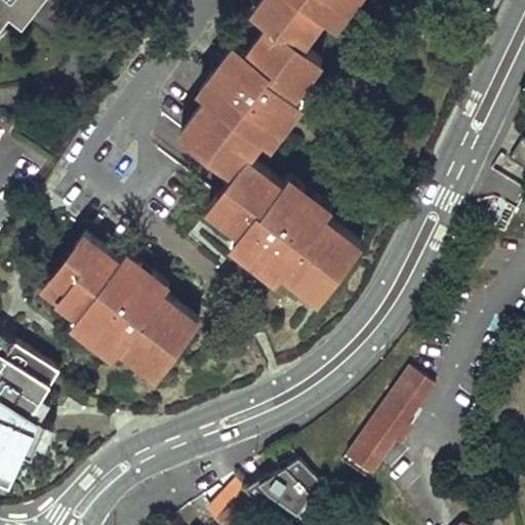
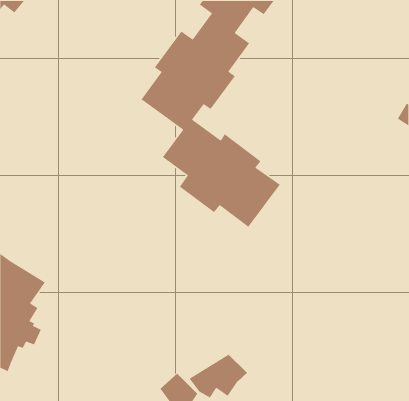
building: [40,238,193,376] -> none
building: [347,373,434,482] -> none

